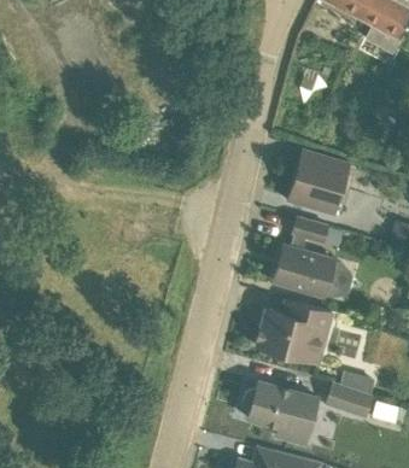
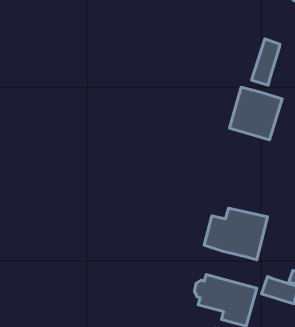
building: none -> [252,39,280,85]
building: [273,217,352,297] -> none

